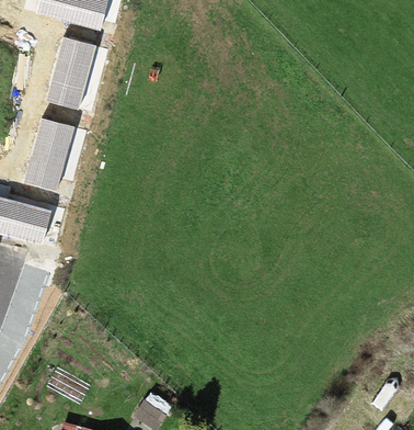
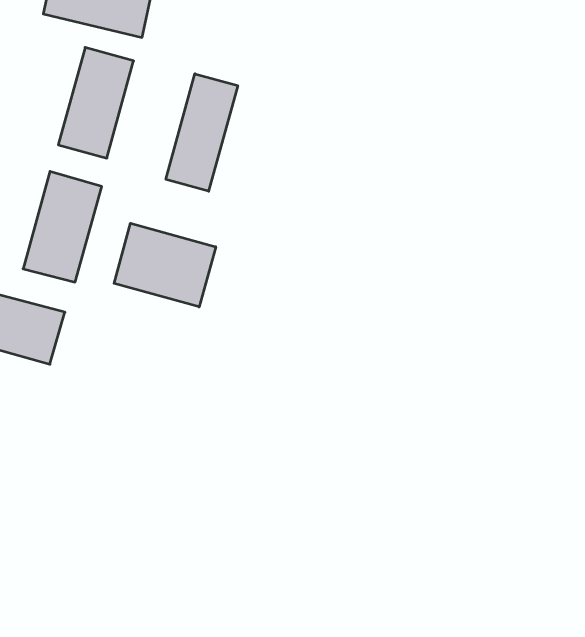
building: none -> [166,74,238,191]
building: none -> [114,223,216,307]

